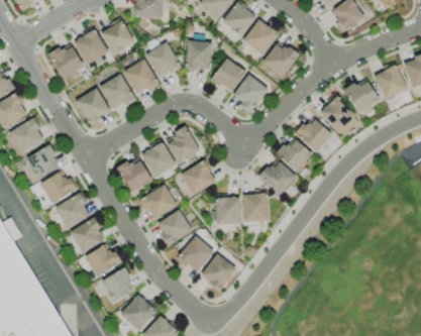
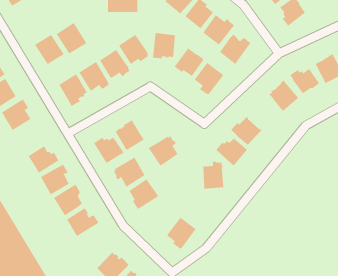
building: [100,19,135,53] -> none
building: [294,120,331,152] -> none
building: [167,126,200,163] -> none
building: [26,144,60,181] -> none
building: [215,195,241,225] -> none
building: [177,236,214,272] -> none
building: [101,267,134,303] -> none

